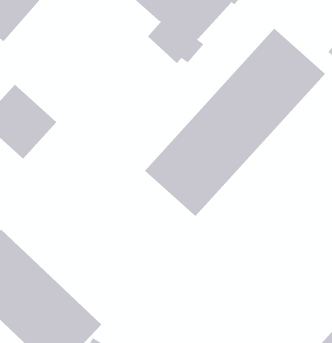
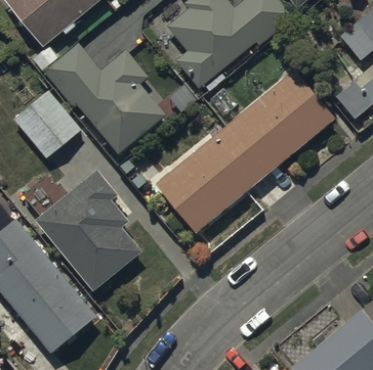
building: none -> [43,43,166,156]
building: none -> [35,171,142,294]

